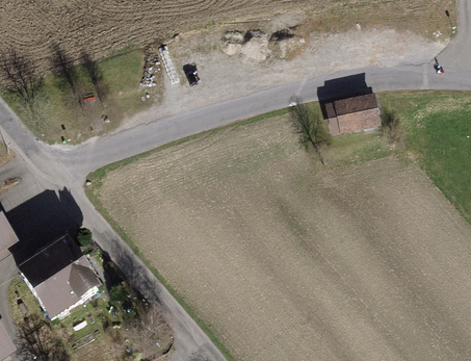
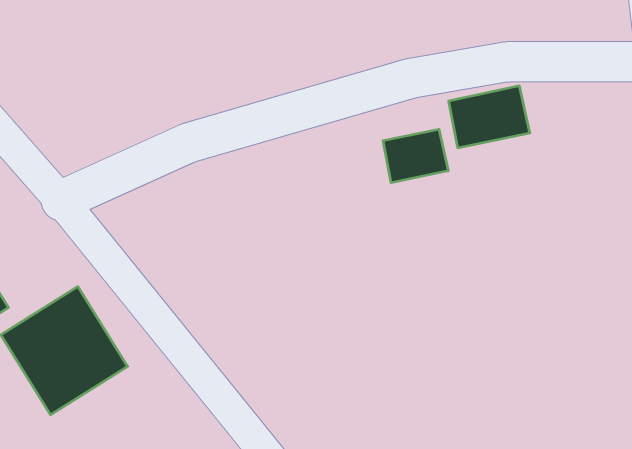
building: none -> [383,129,448,183]

